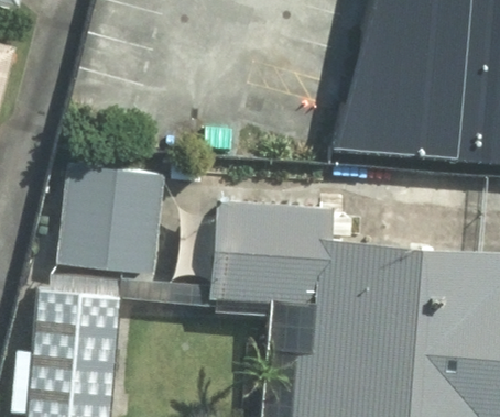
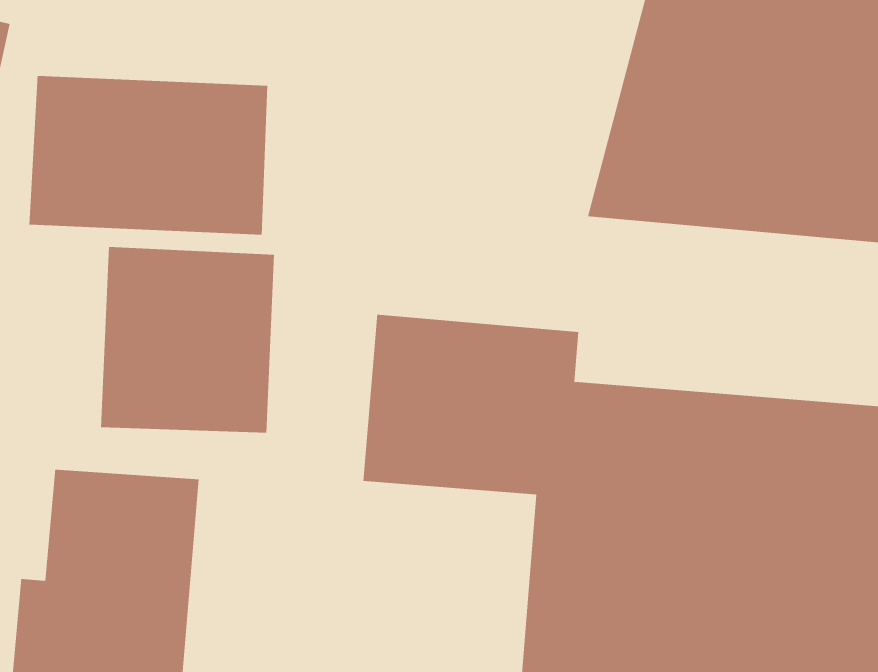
building: none -> [29,75,268,235]

